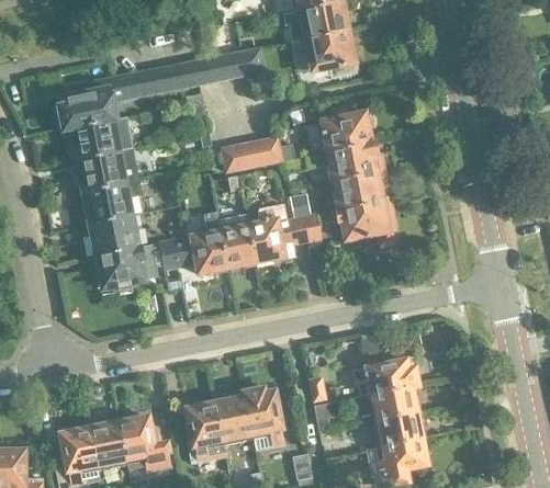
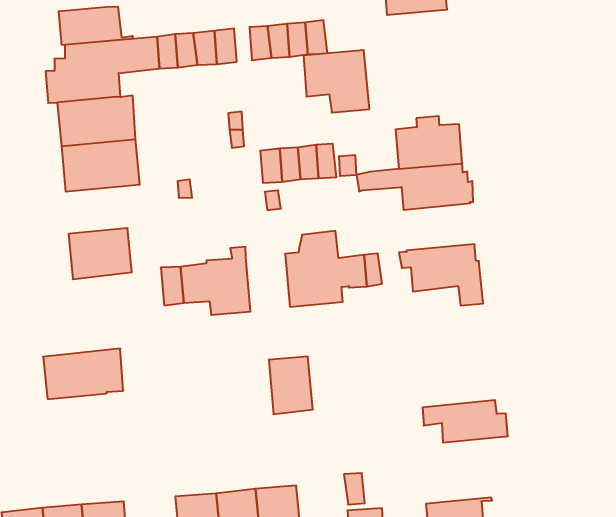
building: [305,30,358,78] -> [303,50,369,113]
building: none -> [59,7,133,45]
building: [333,170,390,209] -> none
building: [83,182,141,224] -> none
building: [221,222,257,266] -> [269,357,313,414]
building: [96,245,157,287] -> [43,349,123,399]
building: [355,359,419,394] -> [423,400,508,443]

